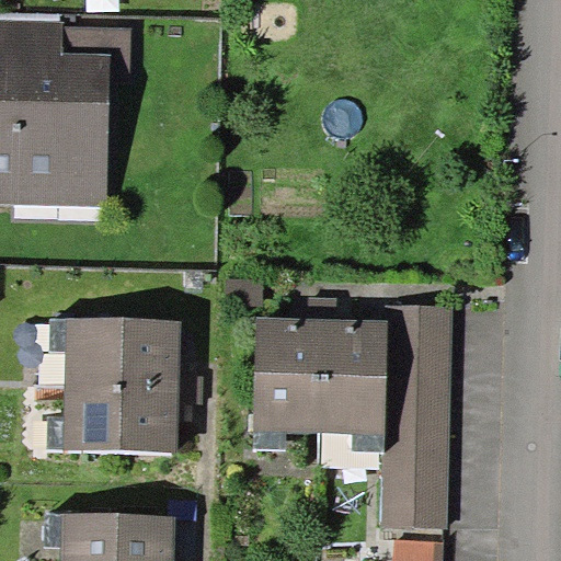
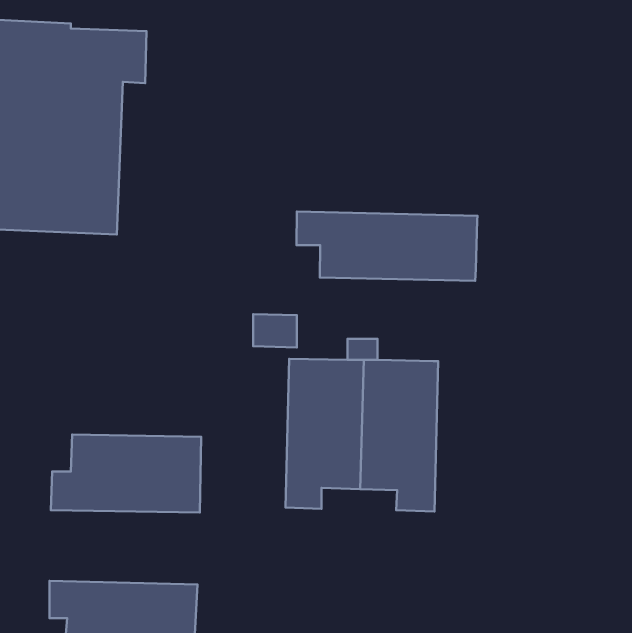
building: none -> [296,211,477,281]
building: [381,306,450,529] -> none
building: [48,320,180,387] -> none

